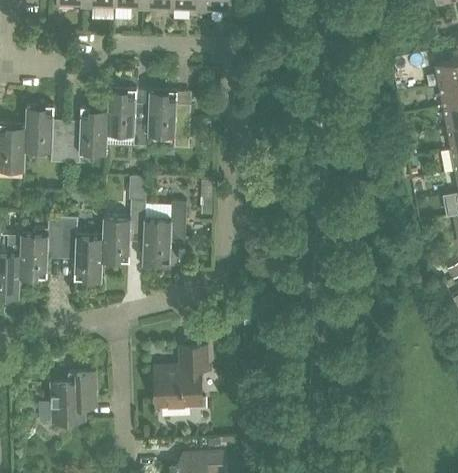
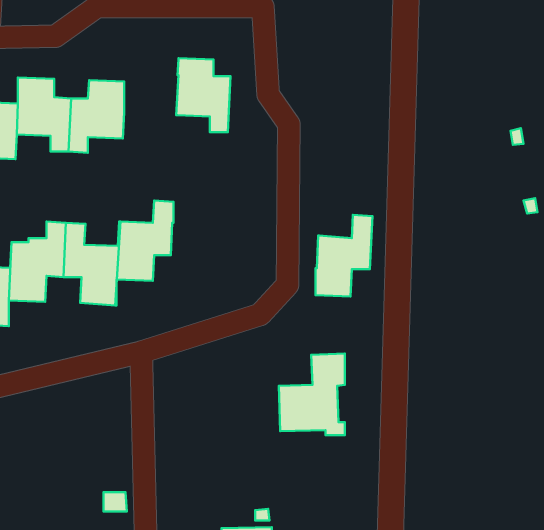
building: [107,88,149,146] -> none
building: [142,201,186,264] -> [315,215,372,297]
building: [154,345,205,408] -> [279,354,345,435]
building: [50,372,94,422] -> none

